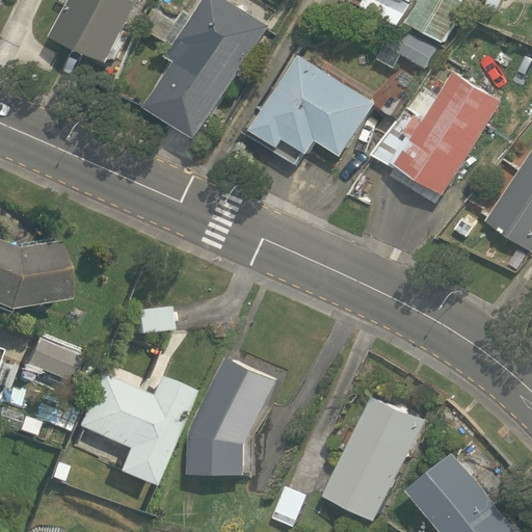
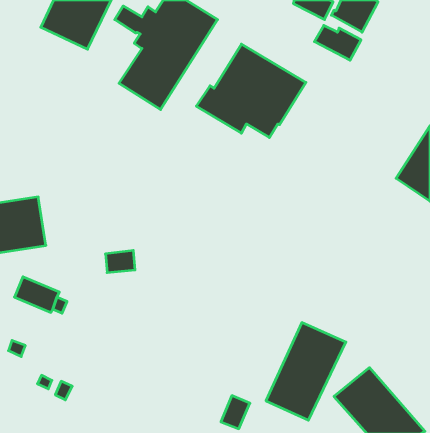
building: [371,70,501,204] -> none
building: [189,355,276,472] -> none
building: [68,374,184,487] -> none

